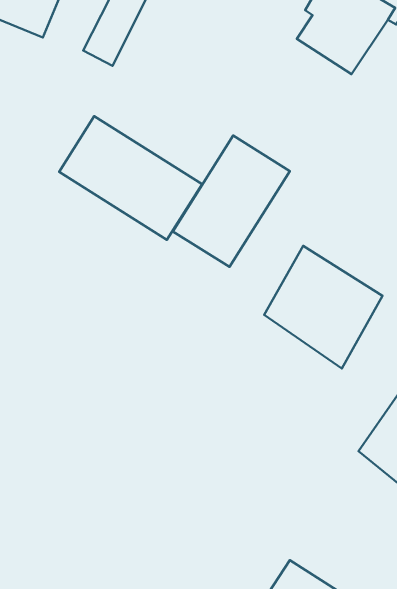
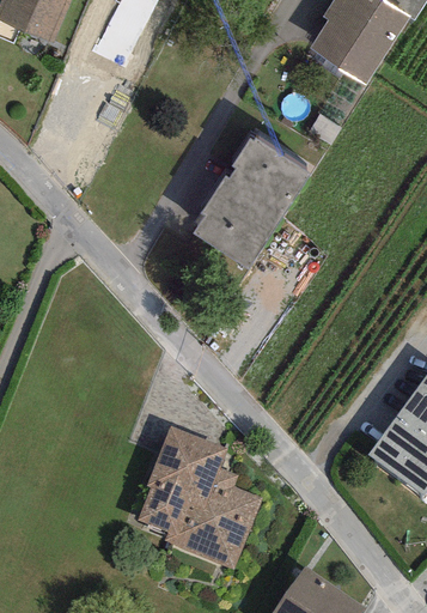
building: [59,116,202,240] -> none
building: [264,246,383,368] -> none
building: none -> [128,426,264,565]

